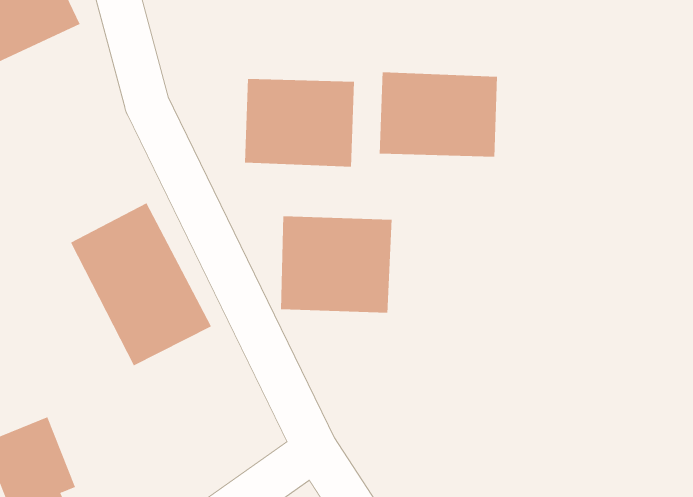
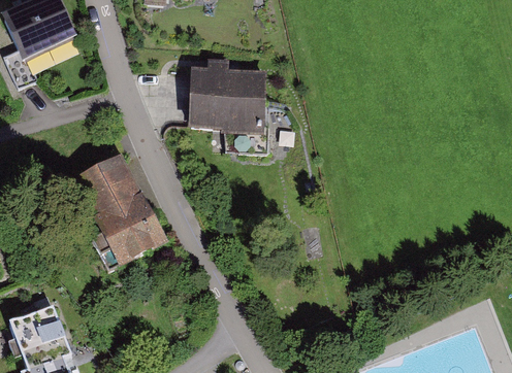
building: [379,72,498,158] -> none
building: [281,216,392,314] -> none

